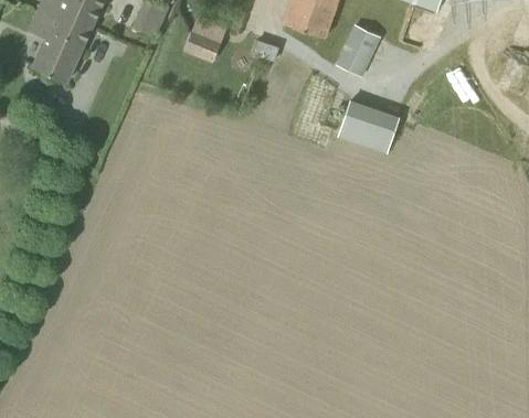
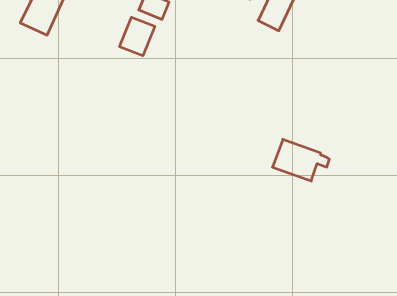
building: none -> [120,17,155,56]
building: [337,100,410,153] -> [272,139,329,181]

